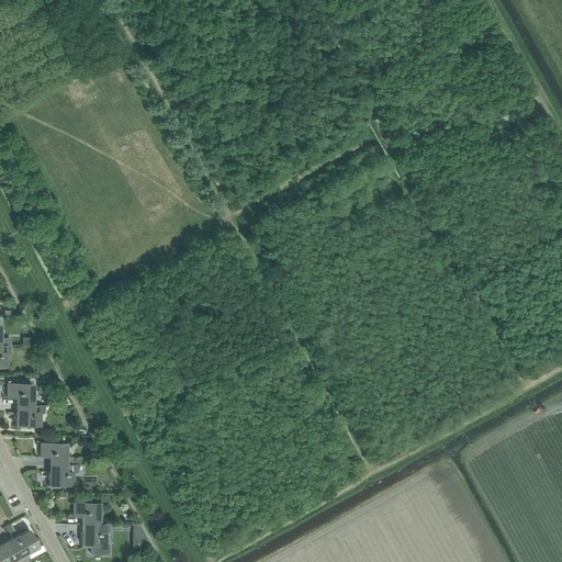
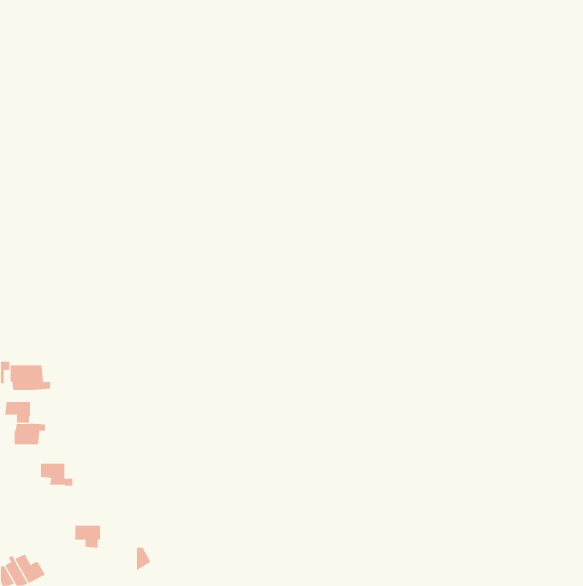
building: none -> [10,364,51,391]
building: [48,464,78,485] -> none
building: [81,524,111,555] -> none

